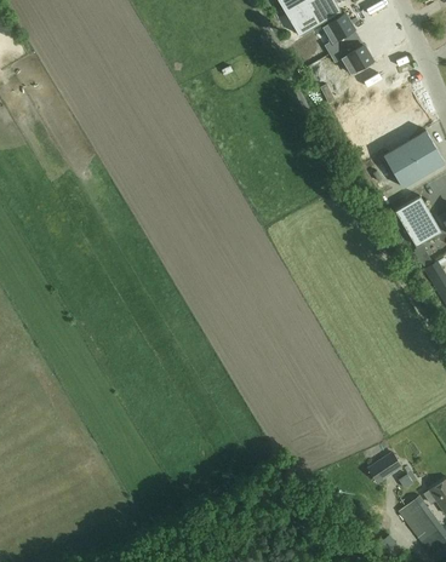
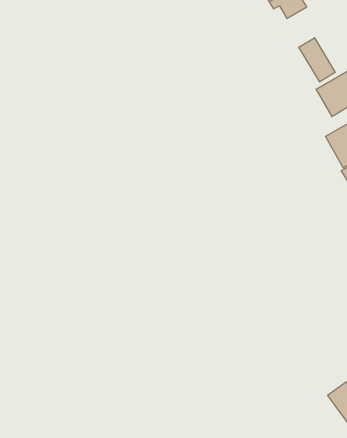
building: none -> [299,38,335,82]
building: [367,453,402,484] -> none

